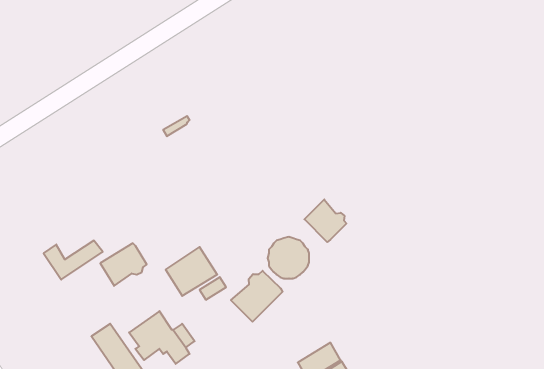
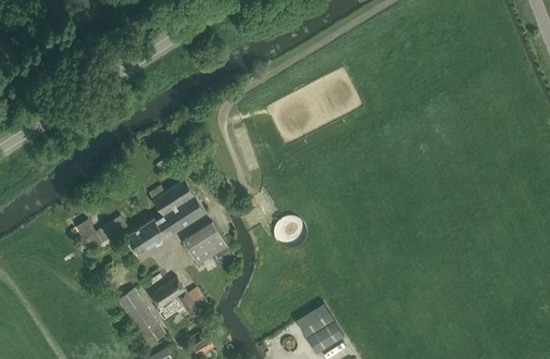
building: none -> [149,180,204,237]
building: [304,199,346,242] -> none
building: [231,271,283,322] -> none

